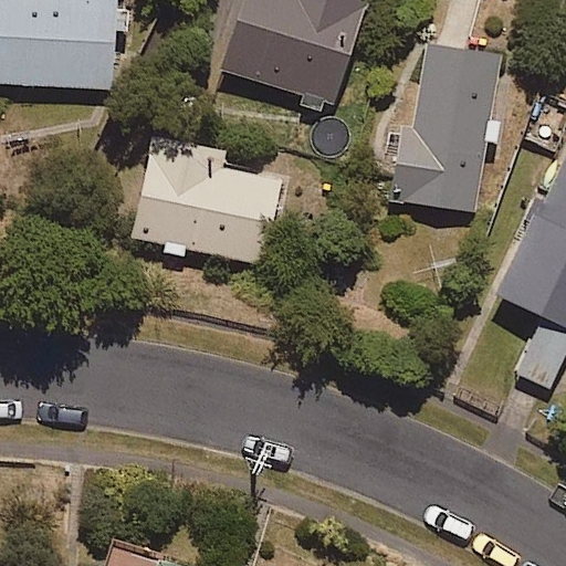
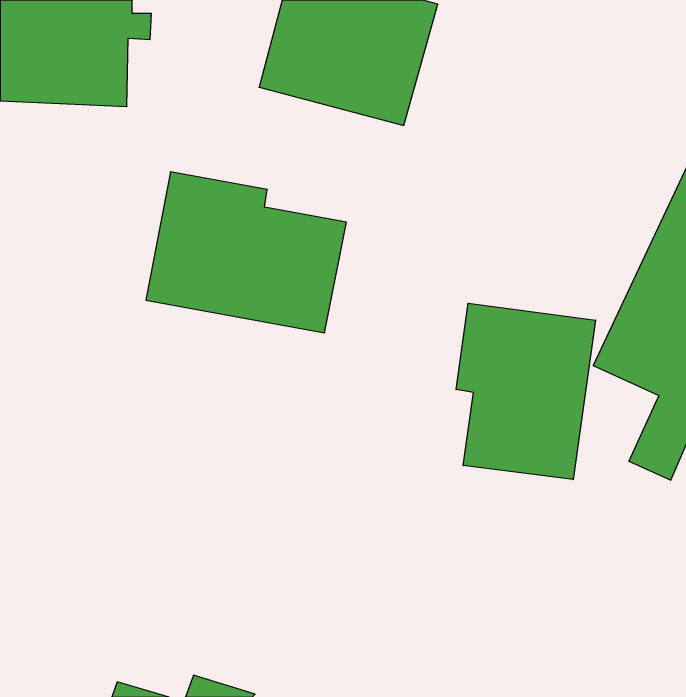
building: [391,43,502,211] -> none
building: none -> [456,303,595,480]

